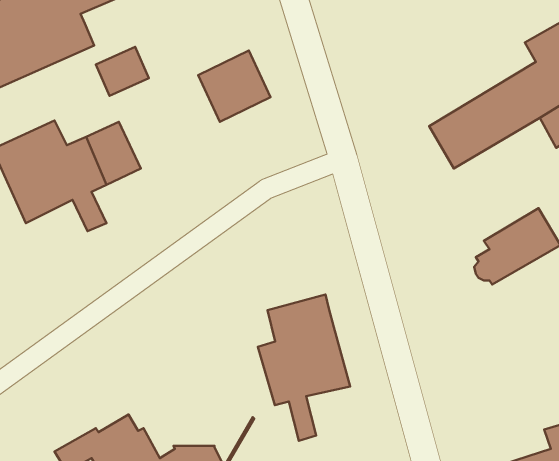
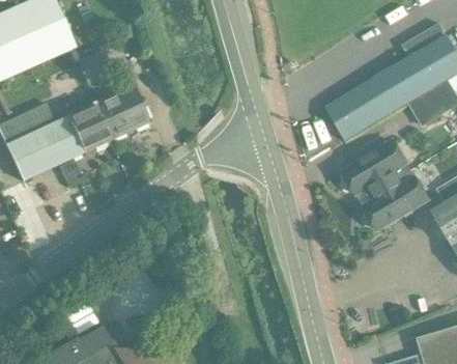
building: [198,51,271,122] -> [93,86,148,140]
building: none -> [342,141,411,195]
building: [258,294,350,441] -> none

